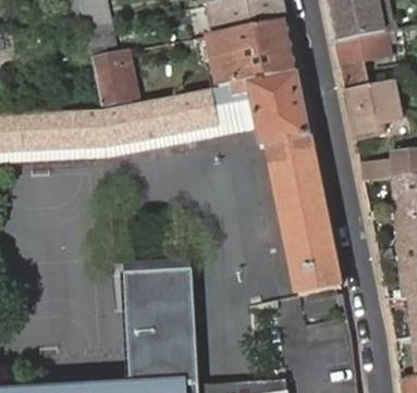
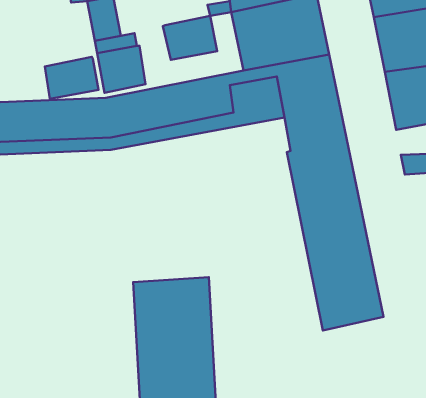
building: none -> [163,16,217,60]
building: none -> [45,57,98,99]

